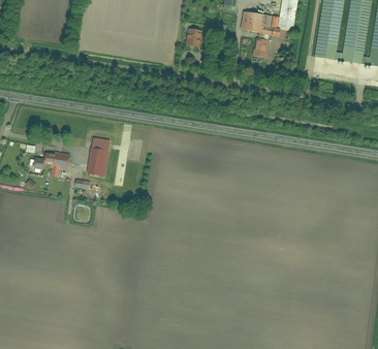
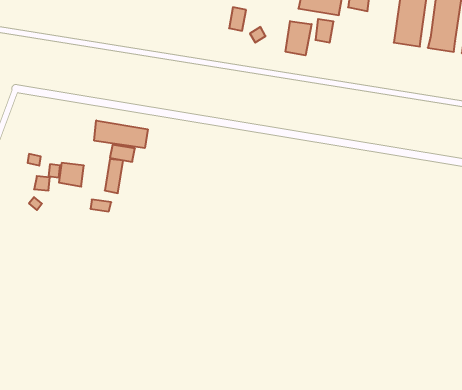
building: none -> [286,21,312,55]
building: none -> [94,120,148,148]

